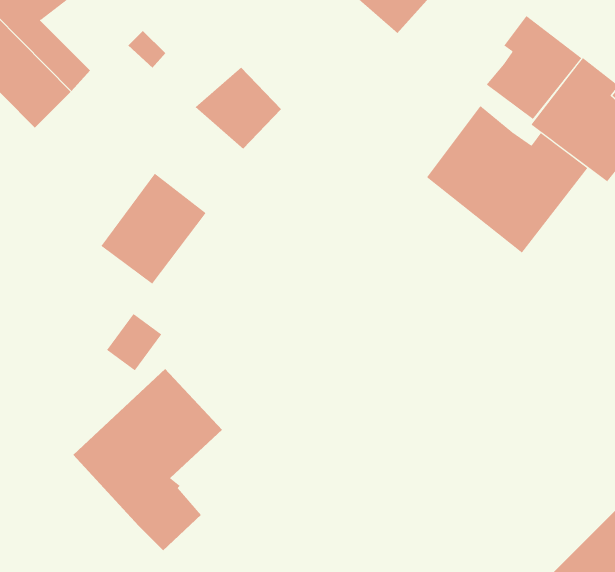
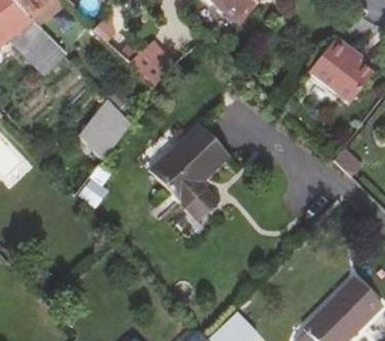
building: [486,15,582,120] -> none
building: [426,105,588,253] -> none
building: [72,368,223,551] -> [148,124,229,221]

